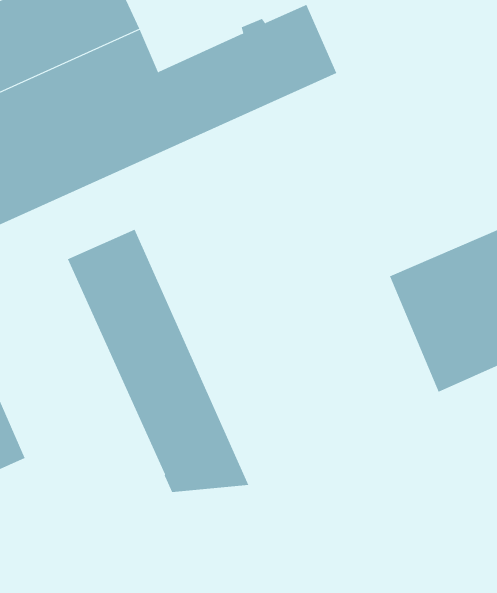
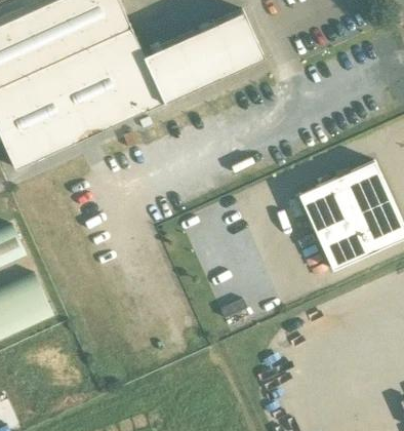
building: [67,229,249,493] -> none

